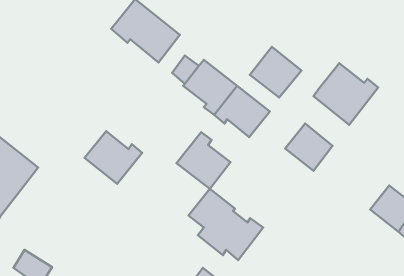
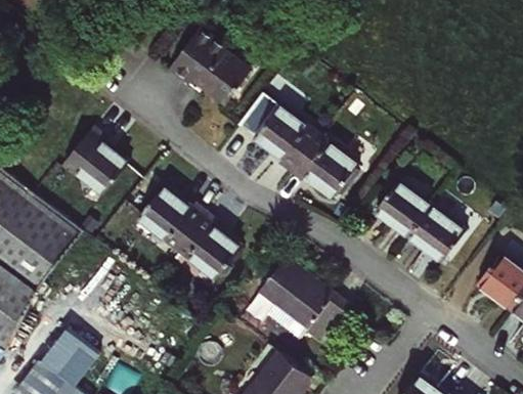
building: [250,47,301,98] -> none
building: [314,63,378,125] -> none
building: none -> [66,127,128,194]
building: [176,132,230,189] -> [175,214,239,281]
building: none -> [409,206,466,261]

